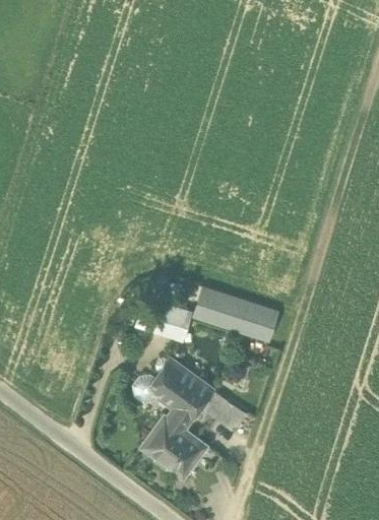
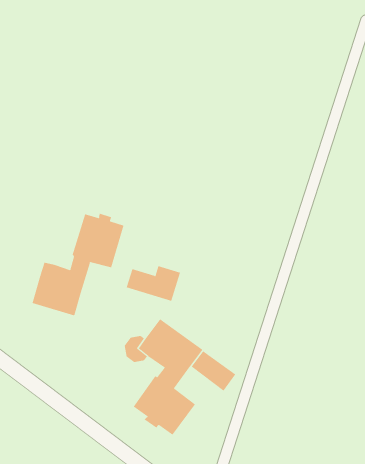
building: none -> [32,213,124,316]
building: [195,287,278,341] -> none

